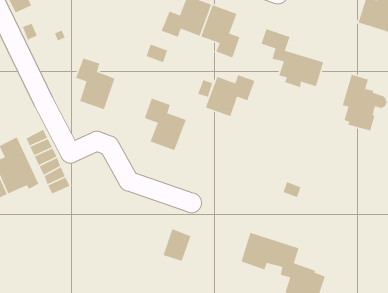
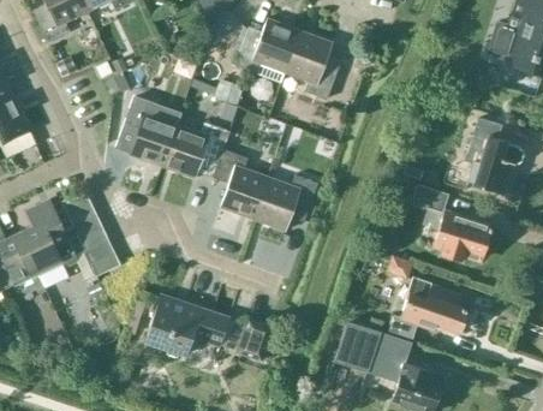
building: [260,28,324,88] -> [410,184,491,261]
building: [205,74,255,117] -> [251,175,316,231]
building: none -> [161,123,228,178]
building: none -> [389,279,467,339]
building: none -> [144,294,228,356]

